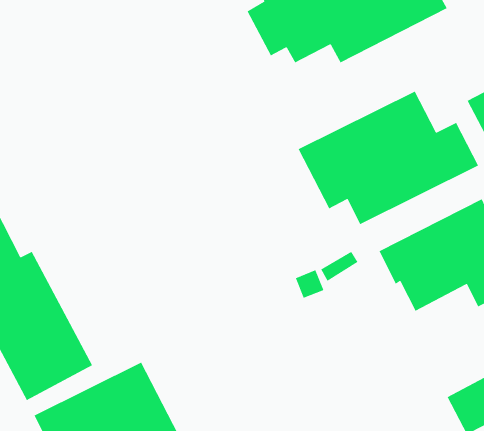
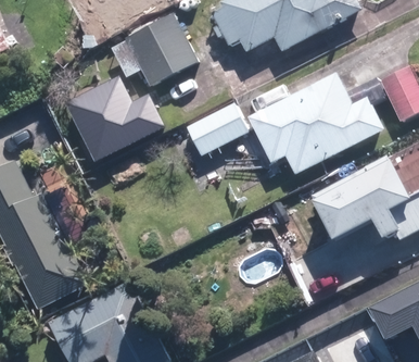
building: none -> [119,12,193,86]
building: none -> [61,77,155,159]
building: none -> [186,102,249,157]

